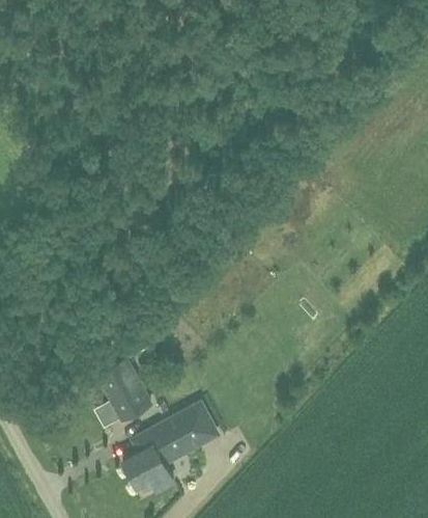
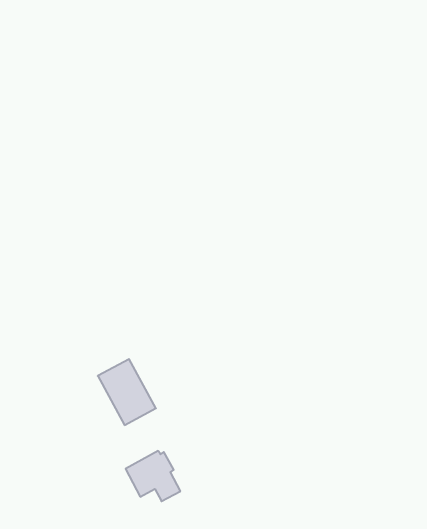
building: [150,404,217,462] -> none

